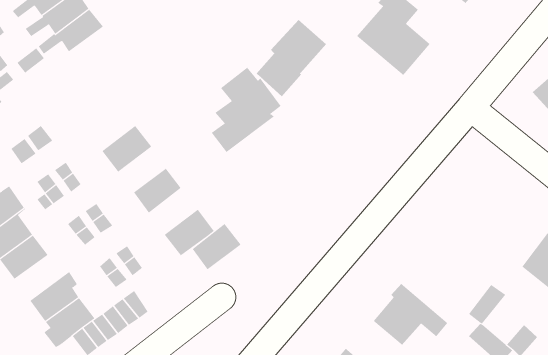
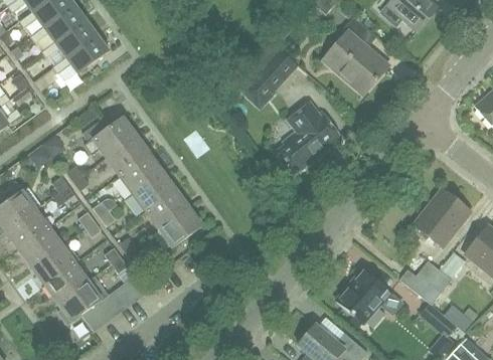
building: [211,67,282,153] -> [279,102,339,175]
building: none -> [83,116,136,156]
building: none -> [121,152,162,191]
building: none -> [414,189,469,246]
building: [192,223,241,270] -> [147,187,189,227]
building: none -> [32,244,79,284]
building: none -> [399,260,439,295]

